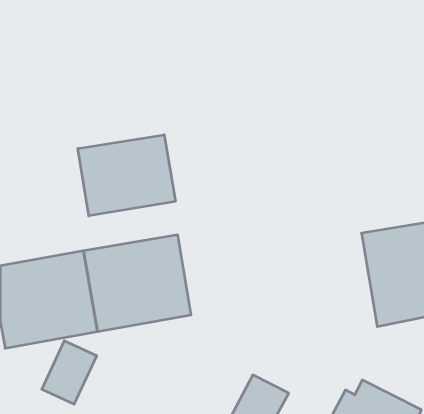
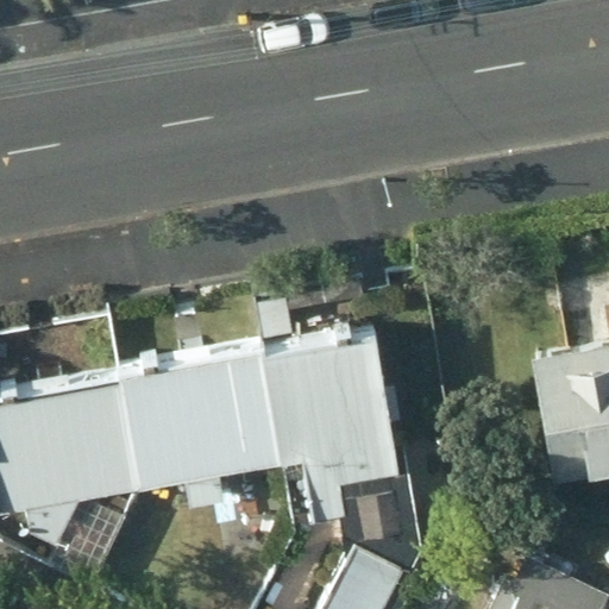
building: [78,135,175,216] -> none
building: none -> [257,332,407,528]

